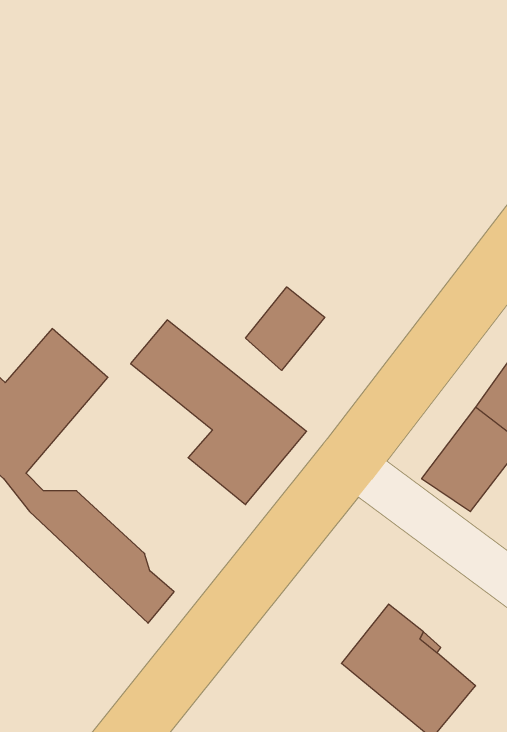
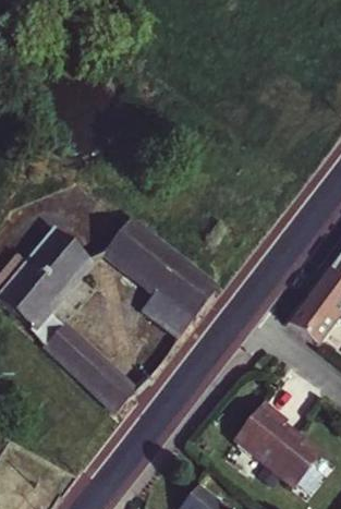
building: [246,287,325,370] -> none

